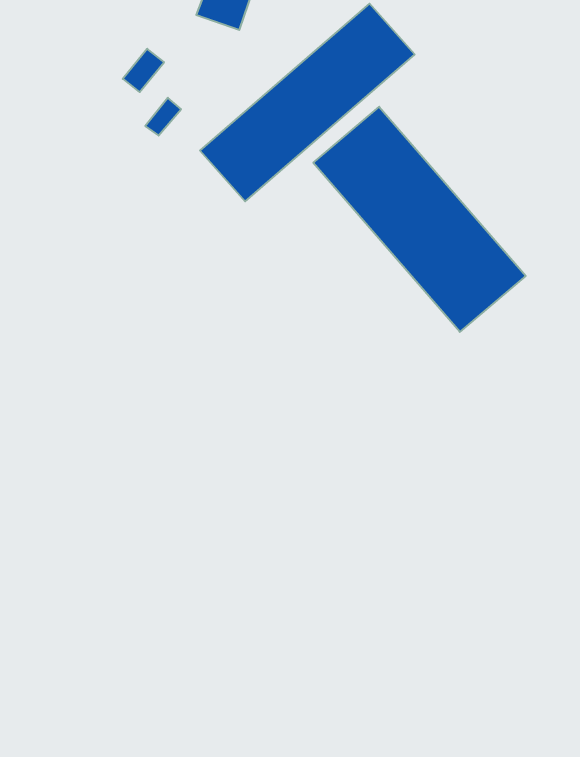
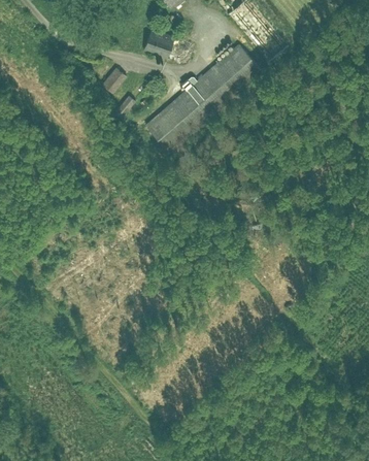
building: [313,107,526,332] -> none

